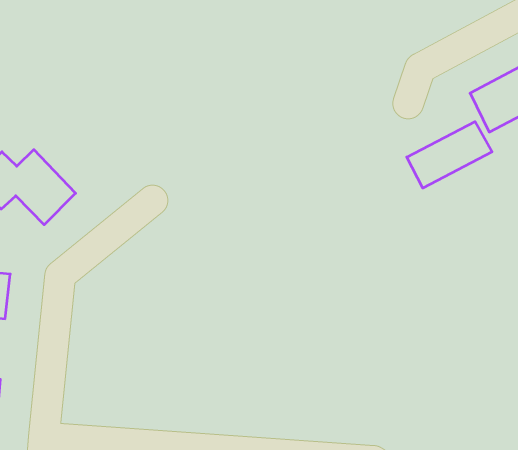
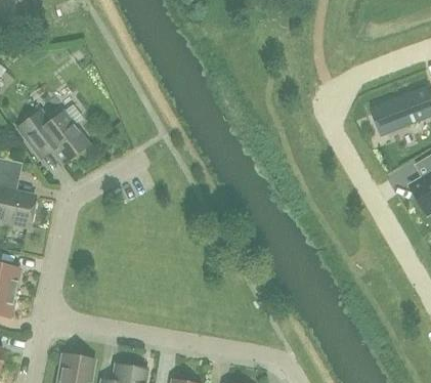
building: [407,122,492,188] -> none

